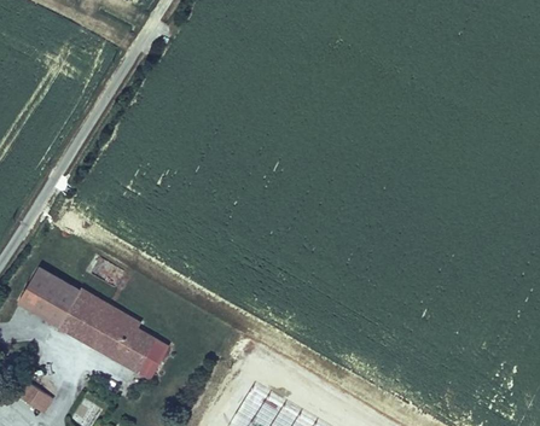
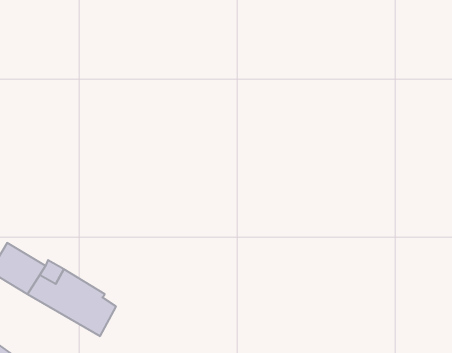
building: [137,339,170,380] -> none

